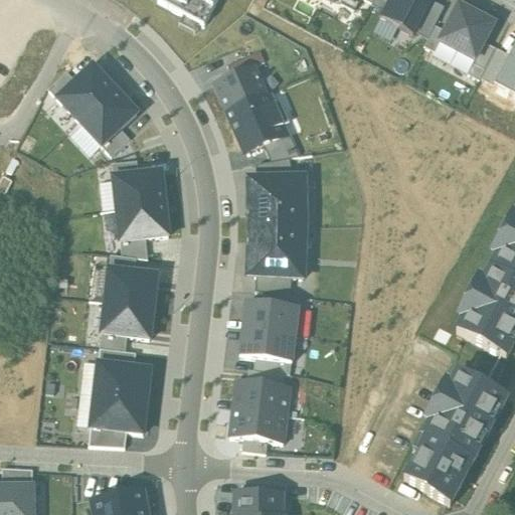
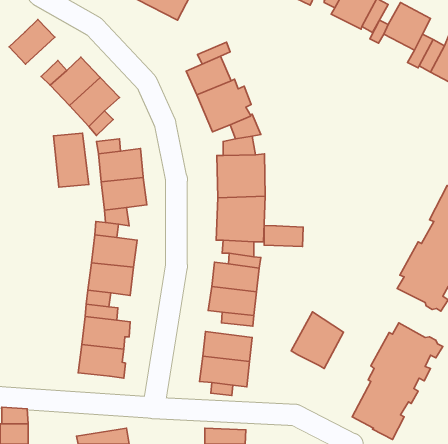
building: none -> [9,20,55,64]
building: none -> [53,133,89,187]
building: none -> [264,226,303,247]
building: none -> [291,312,343,368]
building: [89,426,127,446] -> none

